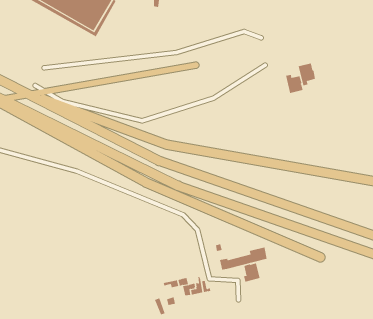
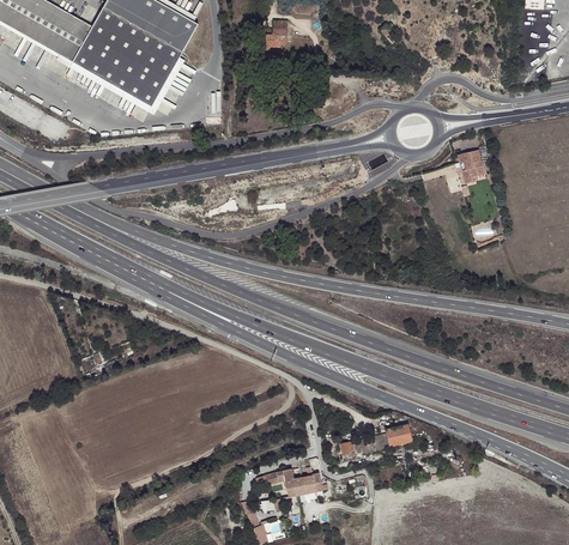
building: [285,74,303,94] -> none
building: [243,263,260,282] -> none

